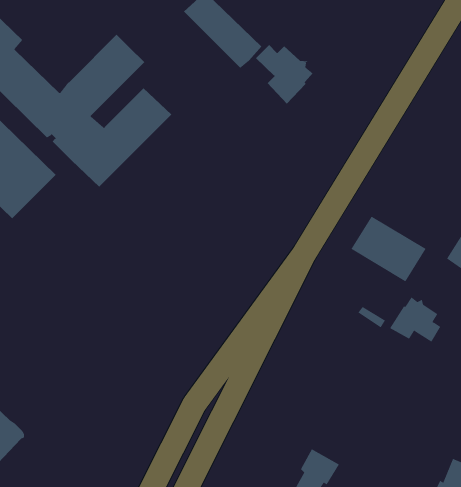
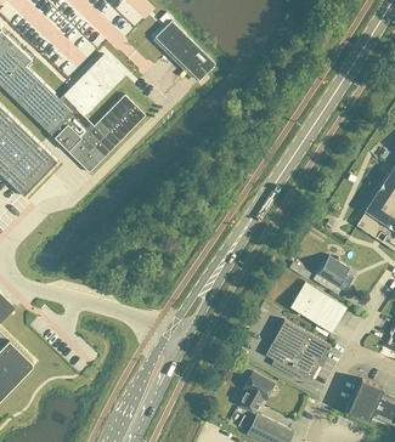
building: [255,44,314,105] -> none
building: [351,216,427,282] -> [288,284,346,335]
building: none -> [265,321,331,381]

